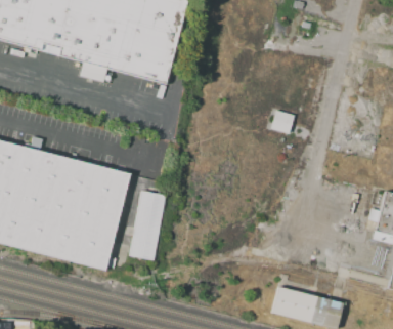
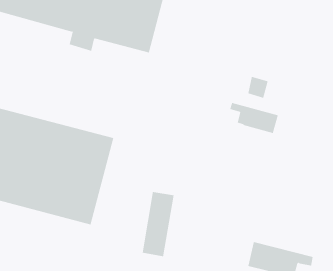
building: none -> [230,102,279,134]
building: [129,192,164,261] -> [142,191,174,257]

